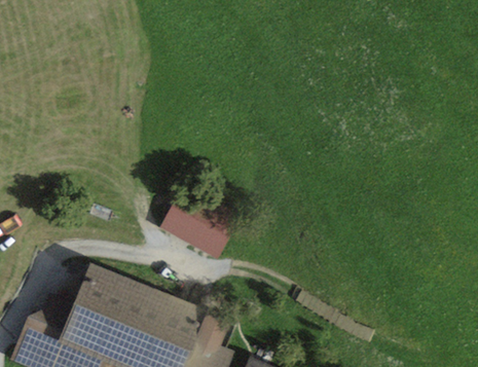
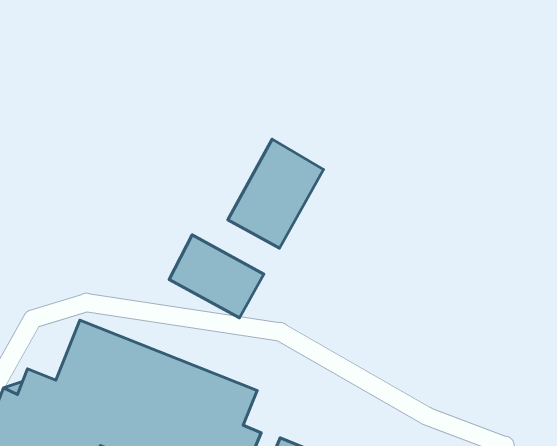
building: none -> [228,139,323,248]

